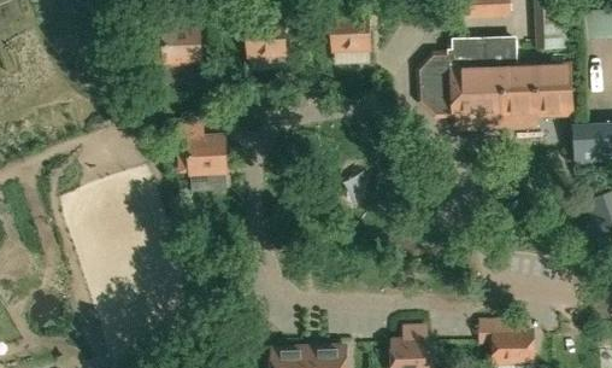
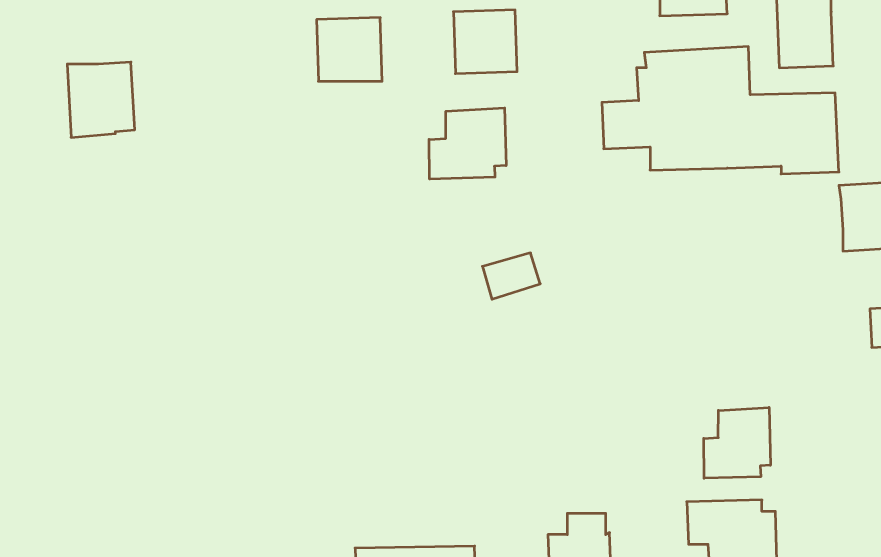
building: [160,22,202,69] -> [67,62,135,137]
building: none -> [429,108,506,179]
building: [186,133,228,179] -> none
building: none -> [704,407,770,478]

